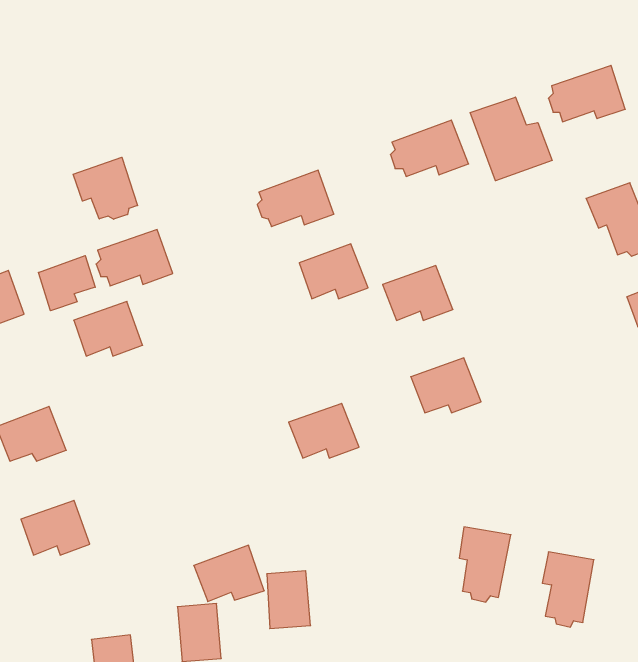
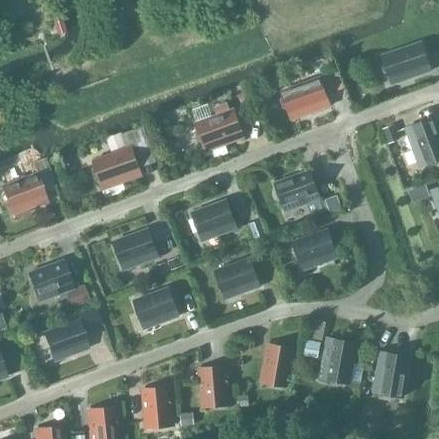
building: [470,97,552,181] -> none
building: [73,157,138,219] -> none
building: [299,244,368,299] -> [192,201,236,236]
building: [38,256,95,311] -> none
building: [74,301,143,356] -> [113,230,157,265]
building: none -> [262,344,293,383]
building: [194,545,264,602] -> [133,288,178,324]

